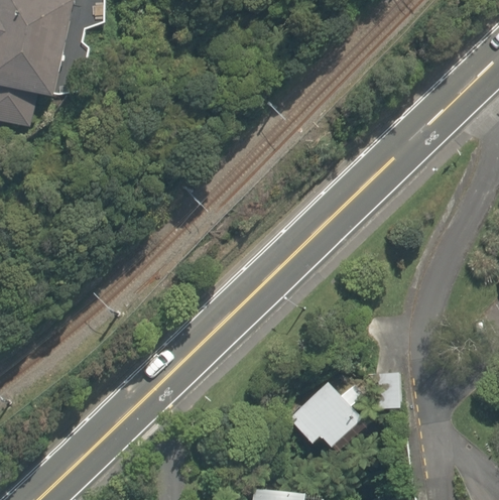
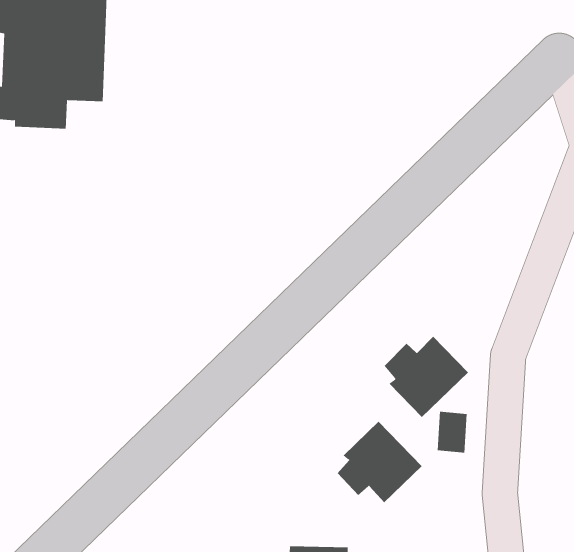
building: none -> [384,336,469,418]

